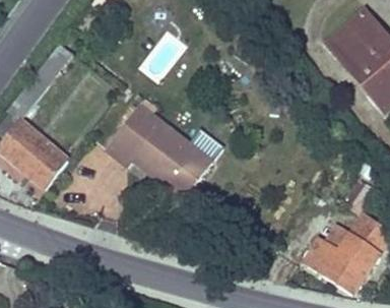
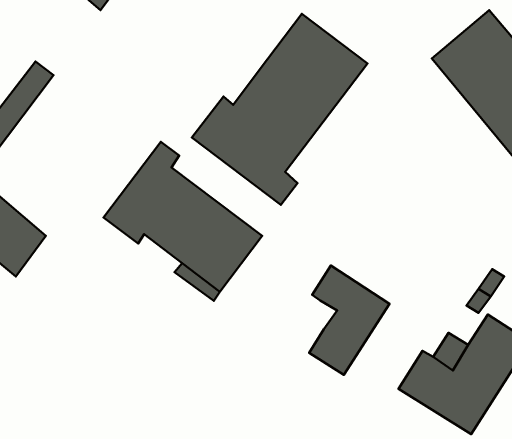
building: none -> [192,14,368,205]
building: none -> [309,266,389,375]

